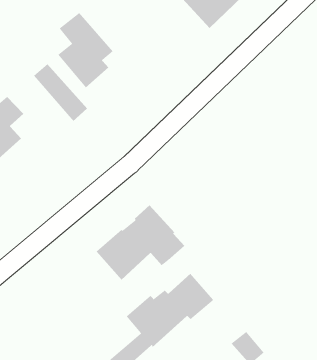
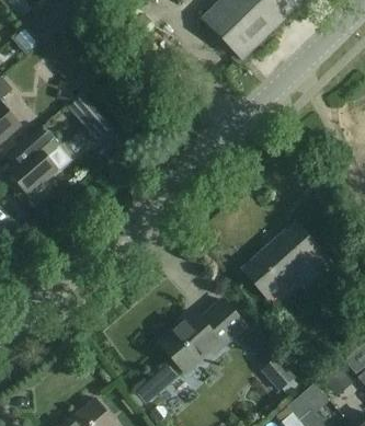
building: [58,12,114,88] -> none
building: [96,204,185,281] -> [243,223,331,298]

